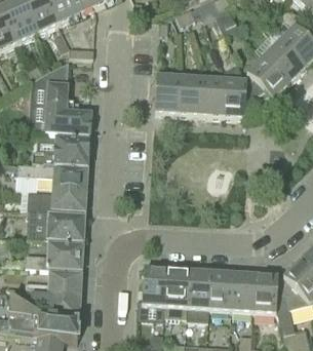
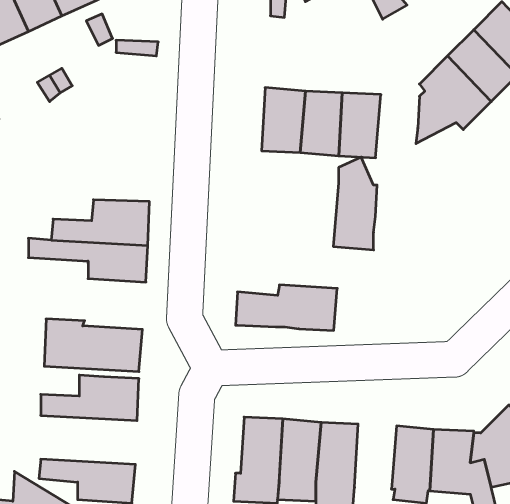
building: [221,63,246,117] -> [333,157,377,250]
building: [27,84,90,135] -> none
building: [27,186,86,212] -> [236,285,337,330]
building: [25,271,81,295] -> none
building: [208,271,233,309] -> none

